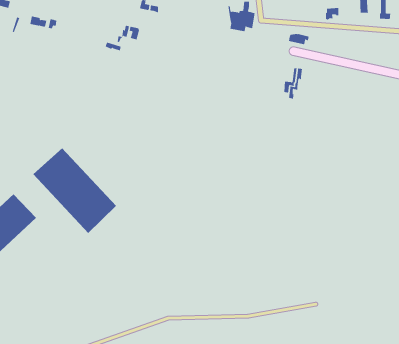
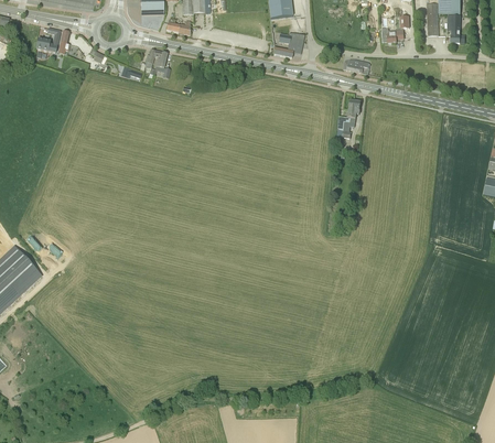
building: [33,148,117,234] -> none

